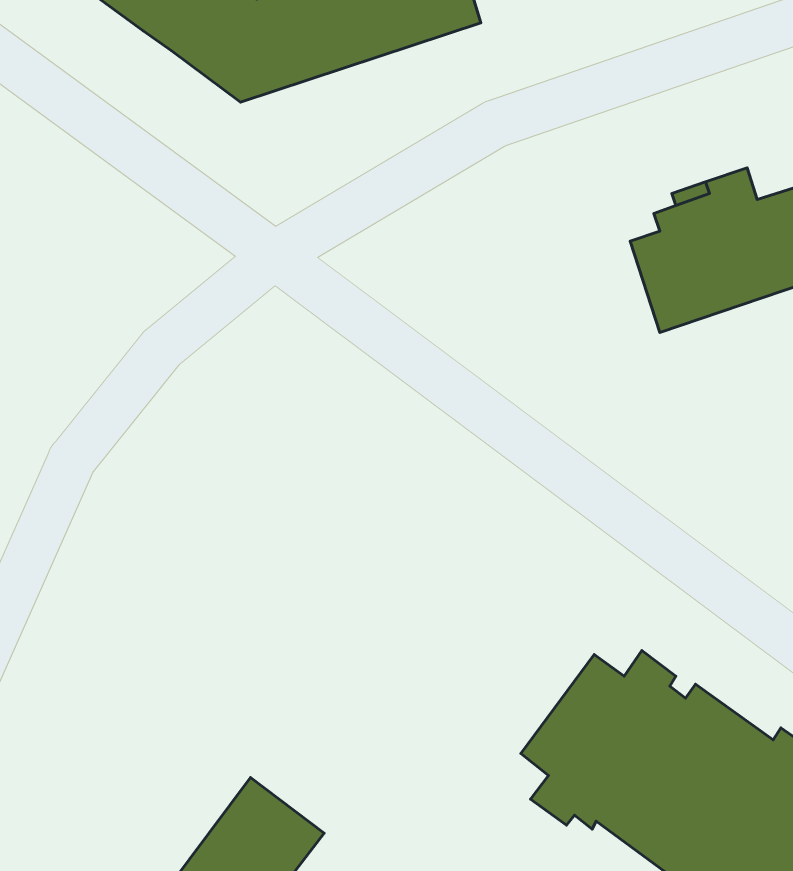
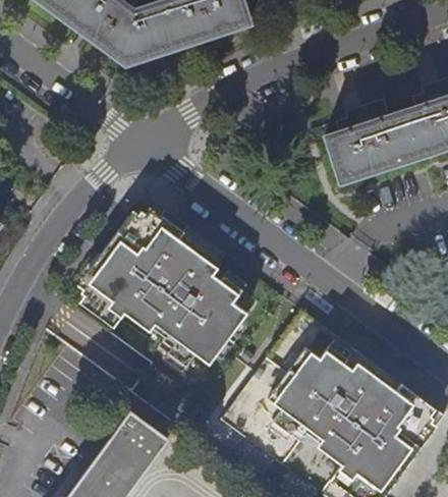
building: none -> [80,209,248,368]

